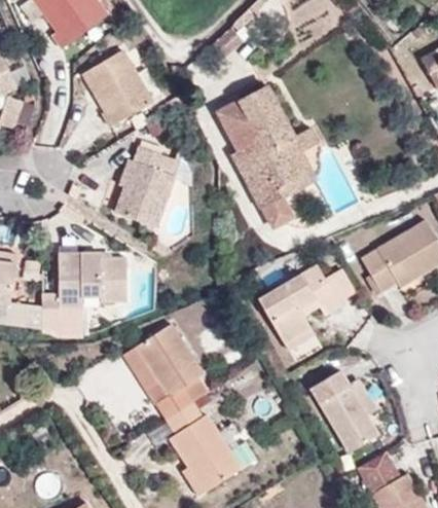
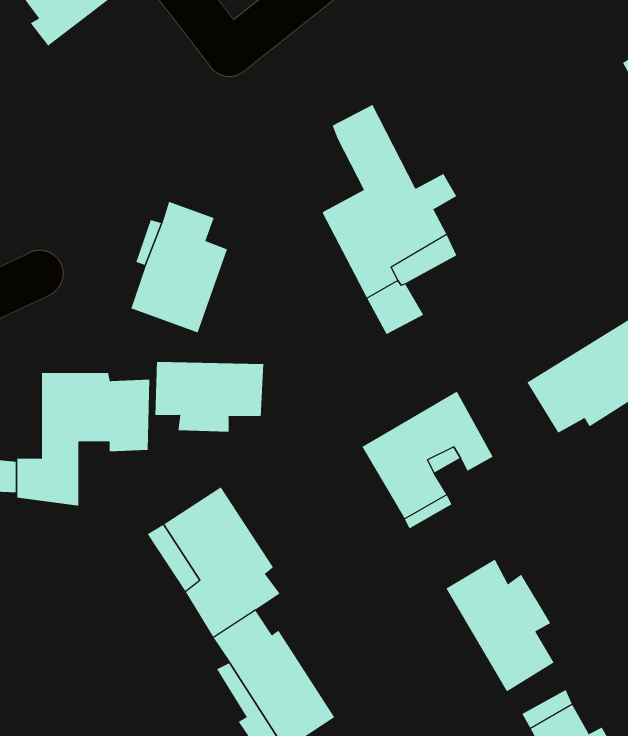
building: [82,49,153,126] -> none
building: [219,107,259,152] -> none
building: none -> [155,361,264,433]

